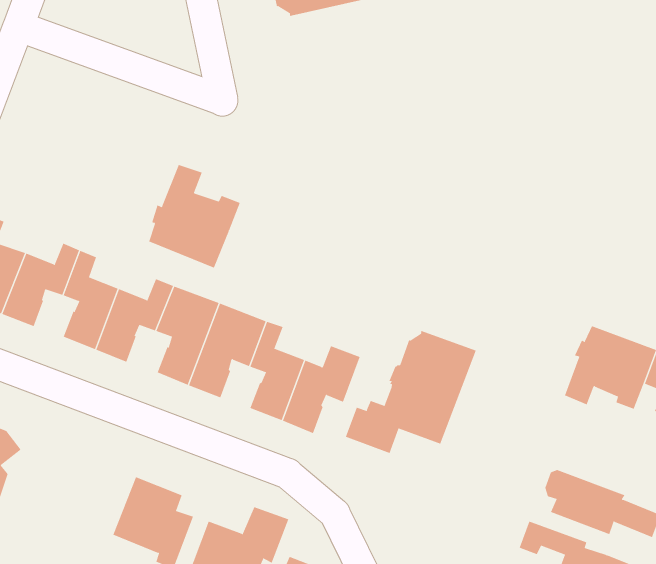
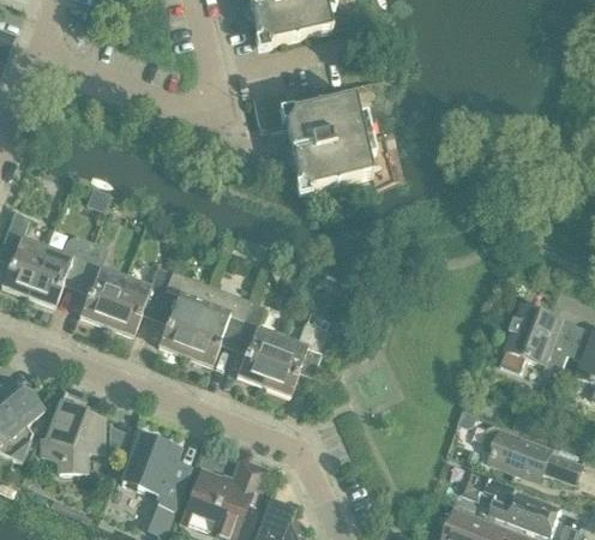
building: none -> [252,86,372,188]
building: [148,164,240,268] -> none
building: [345,330,476,454] -> none
building: none -> [41,390,103,473]

